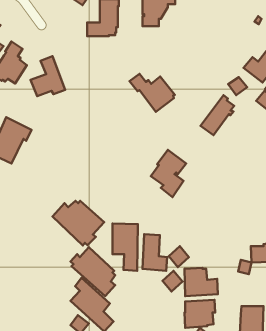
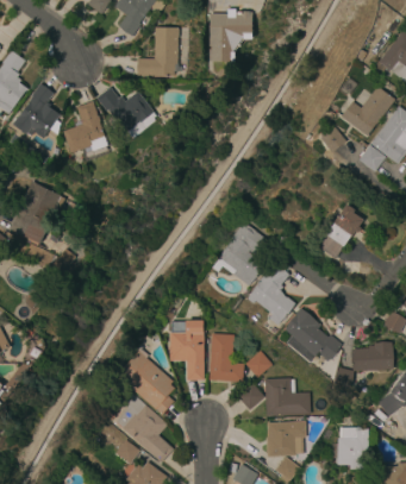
building: [129,74,175,112] -> [96,88,156,138]
building: [201,95,234,135] -> [318,206,362,258]
building: none -> [246,263,295,326]
building: [52,201,104,245] -> none
building: none -> [283,308,341,362]

